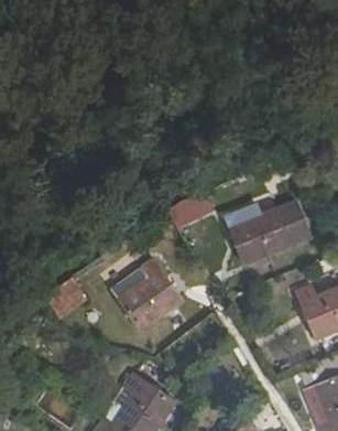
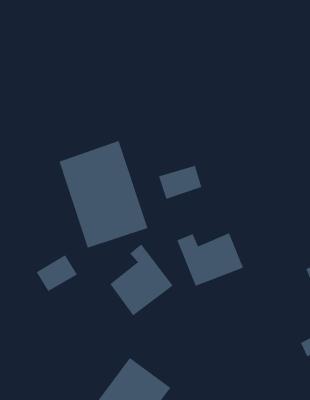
building: none -> [59,140,148,249]
building: [237,204,304,258] -> [177,233,244,287]

